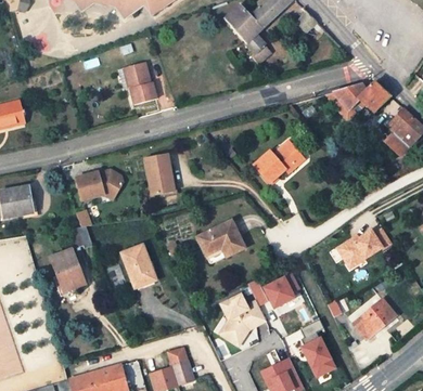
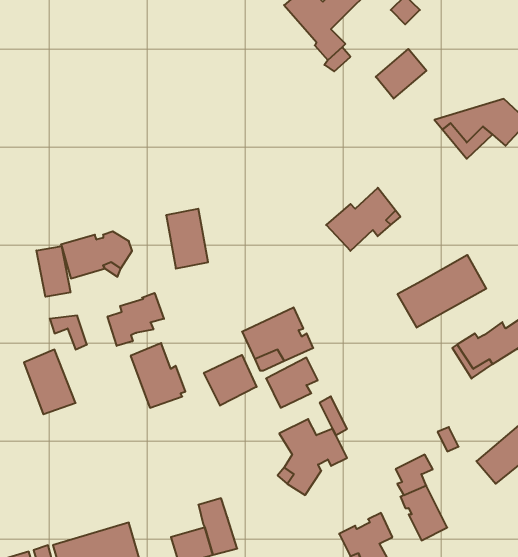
building: none -> [376,49,426,99]
building: [118,62,156,104] -> none
building: none -> [36,246,70,297]
building: none -> [398,255,486,328]
building: none -> [108,293,164,346]
building: none -> [204,355,257,406]
building: [265,274,299,308] -> [266,358,318,408]

